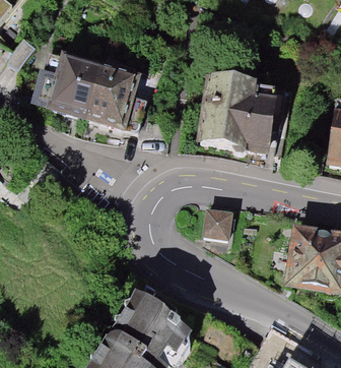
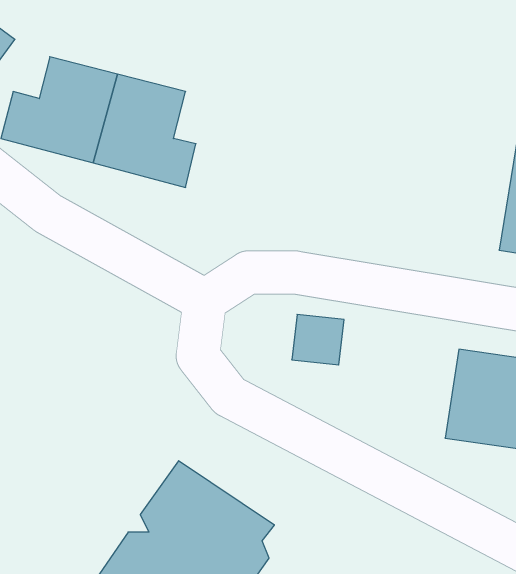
building: [196,77,281,157] -> none

